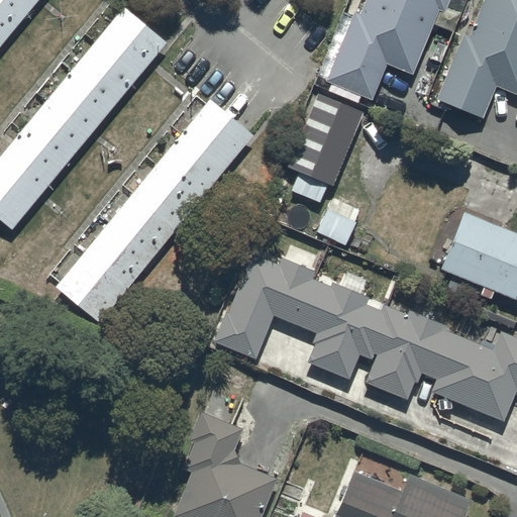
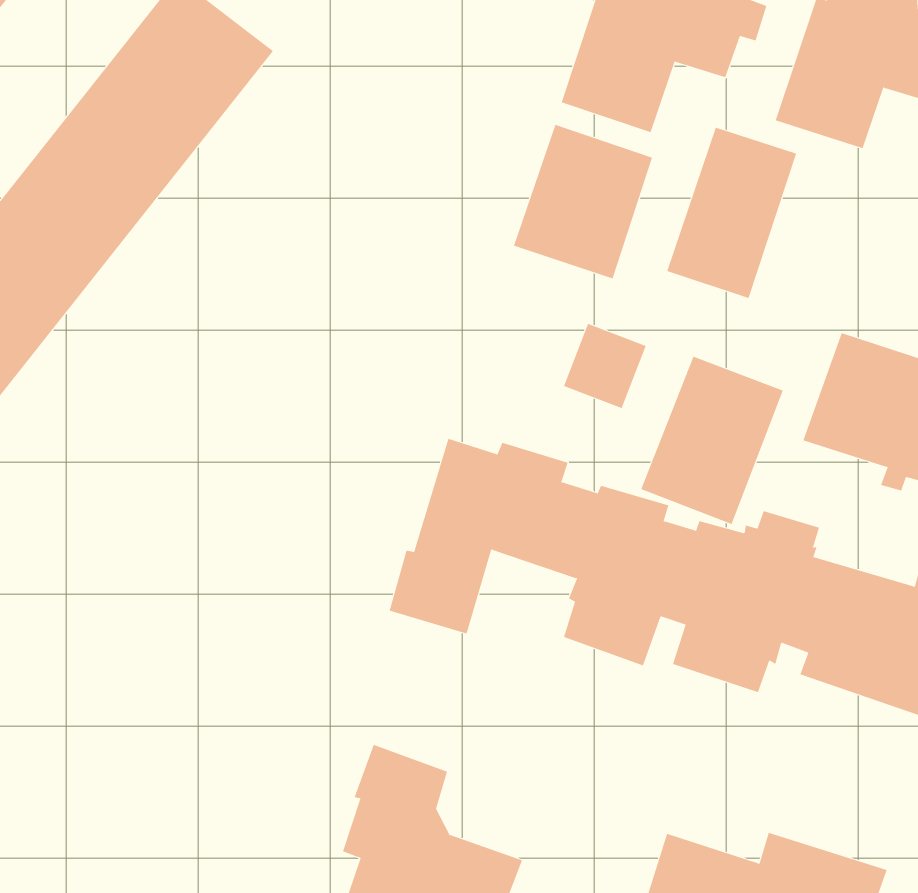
building: [51,96,262,320] -> none
building: none -> [667,127,797,299]
building: none -> [640,356,783,525]

